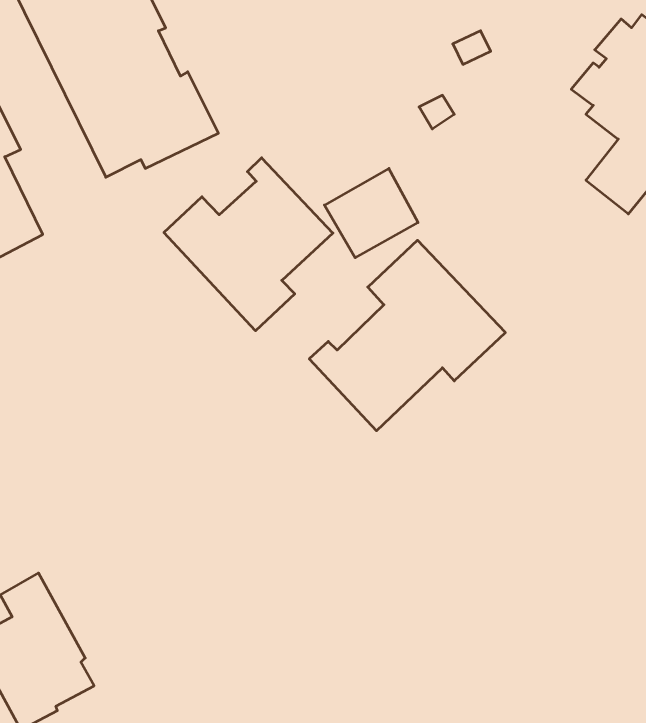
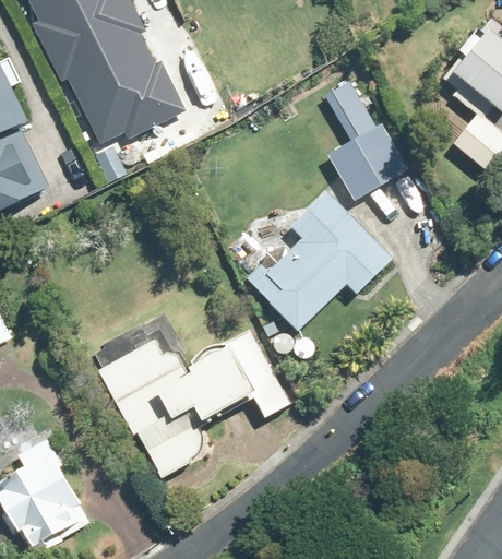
building: [164,158,333,331] -> none
building: [324,168,418,258] -> [331,126,401,192]
building: none -> [96,331,277,477]

